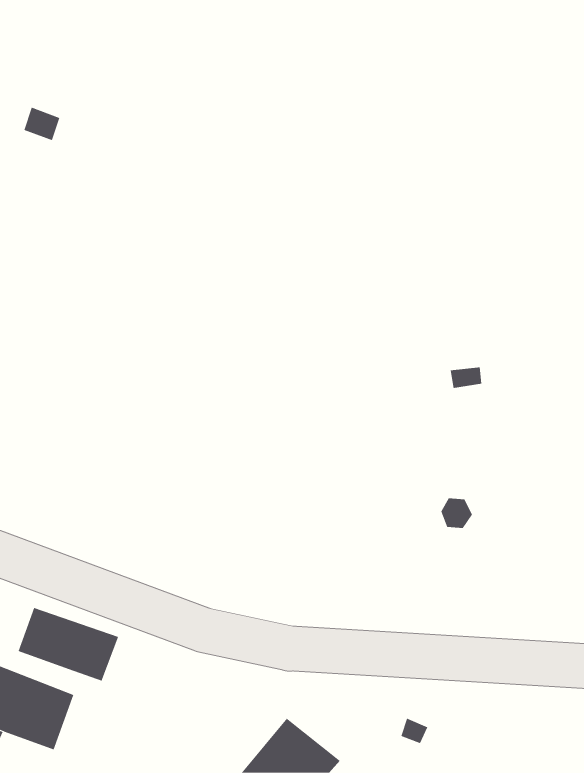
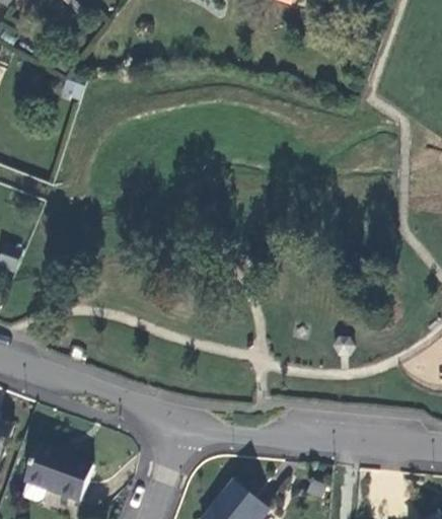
building: [18,607,119,681] -> none

